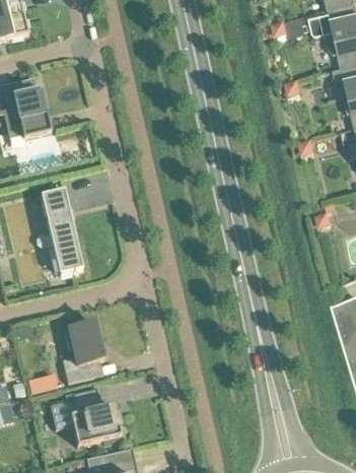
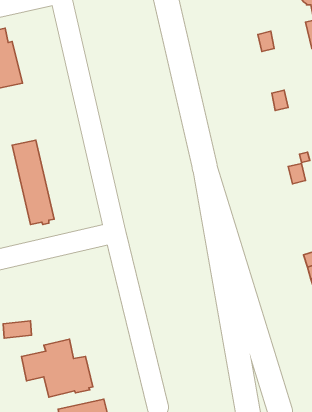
building: [62,320,103,382] -> none

